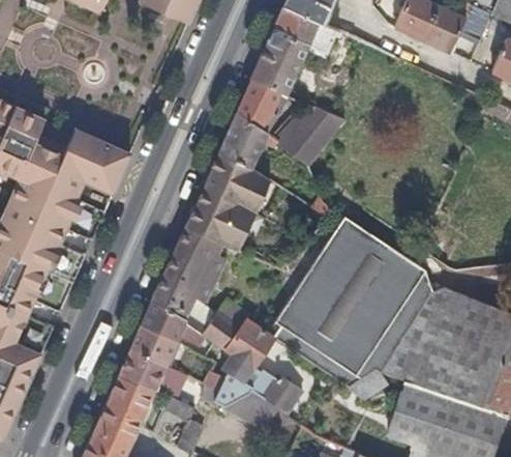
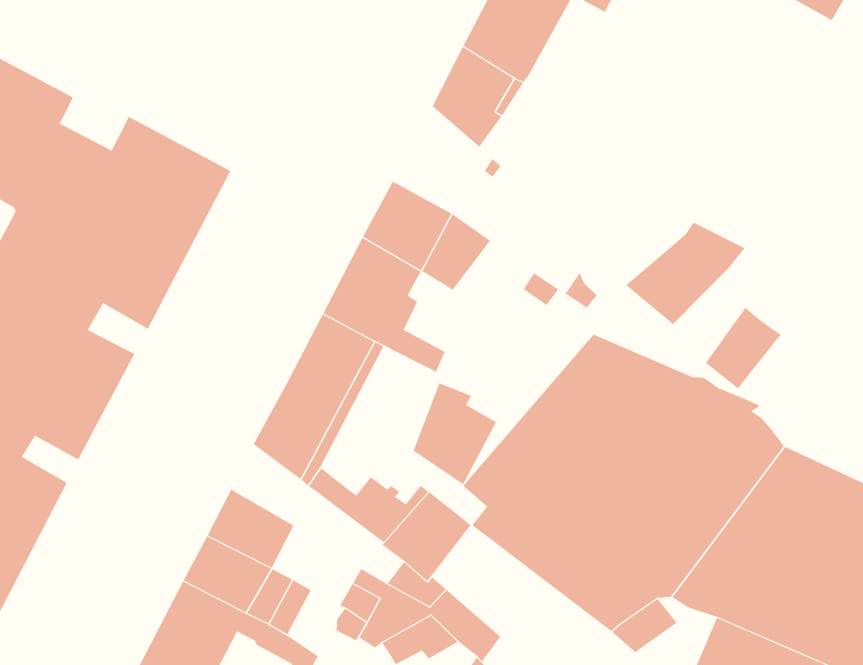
building: [279,109,342,165] -> [625,222,745,325]
building: [218,112,267,169] -> none
building: none -> [705,307,781,389]
building: none -> [413,382,497,485]
building: [142,299,186,342] -> none

